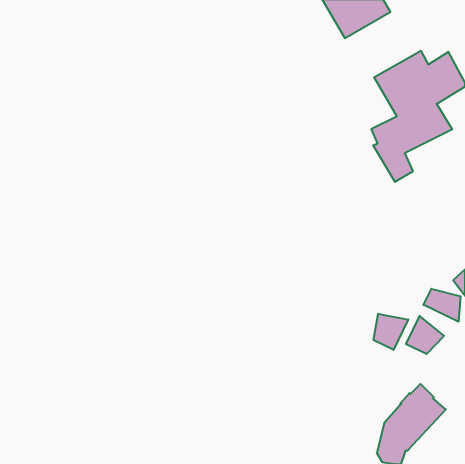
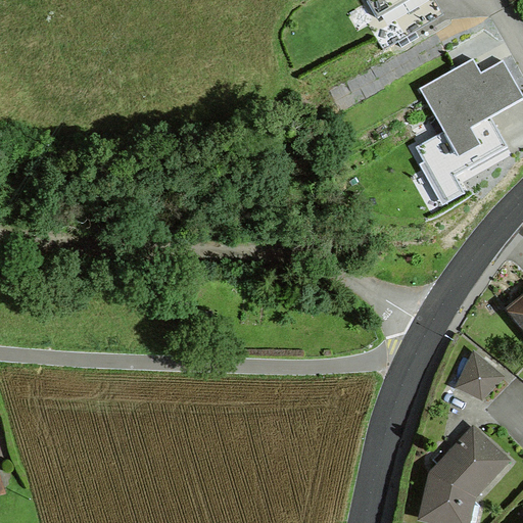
building: [423,289,461,322] -> none
building: [374,314,408,350] -> none

